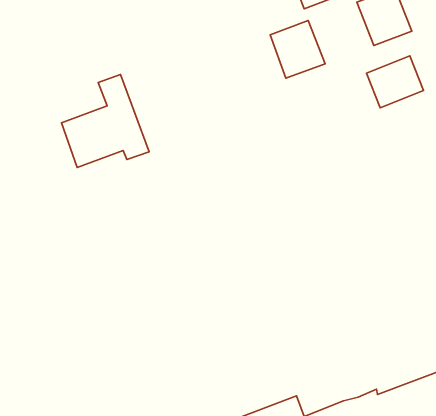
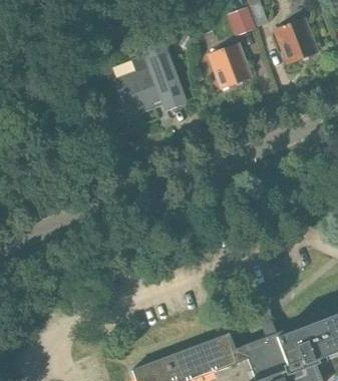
building: [367,56,424,108] -> none
building: [61,75,149,167] -> [117,43,185,114]

